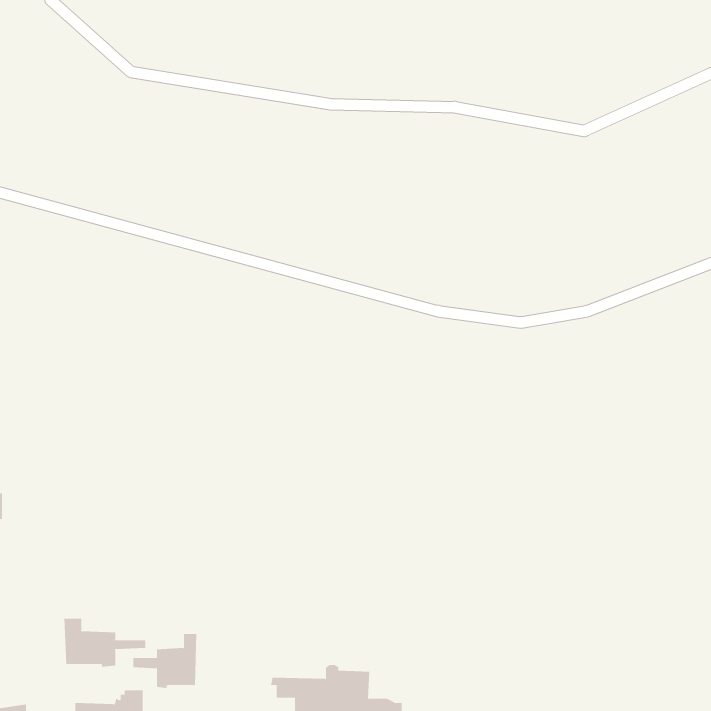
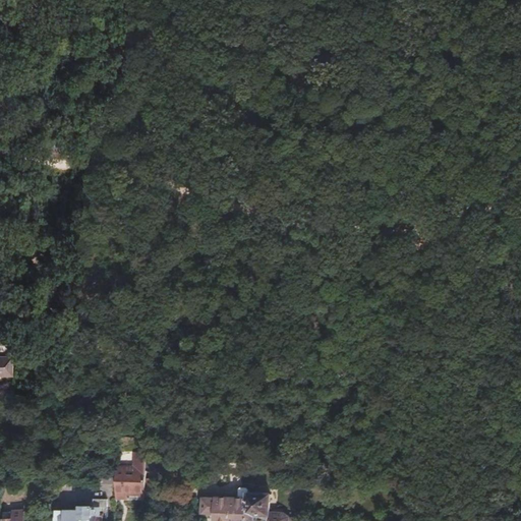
building: [64,618,146,667] -> none

